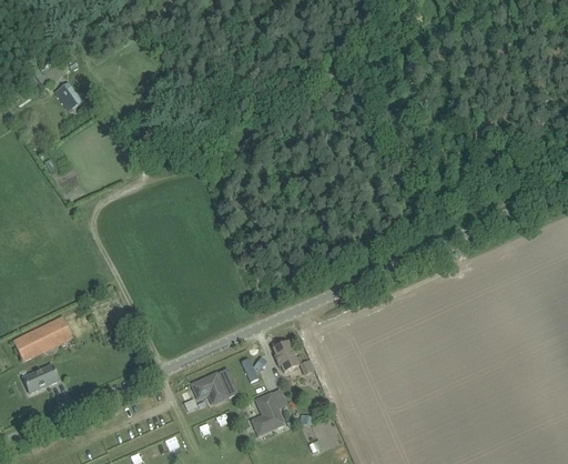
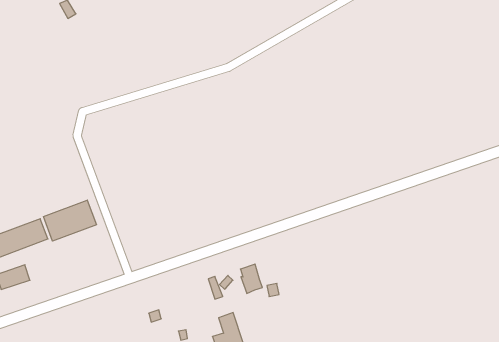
building: none -> [43,200,96,241]
building: [192,372,227,404] -> none

